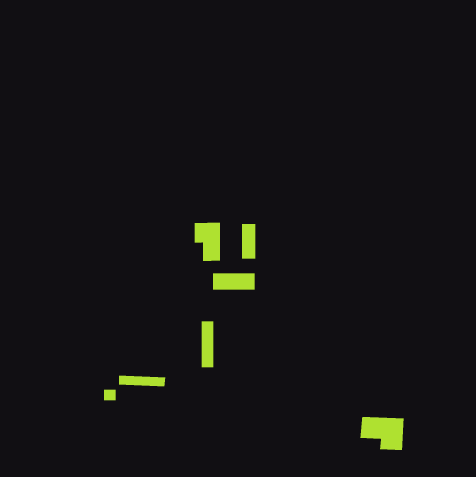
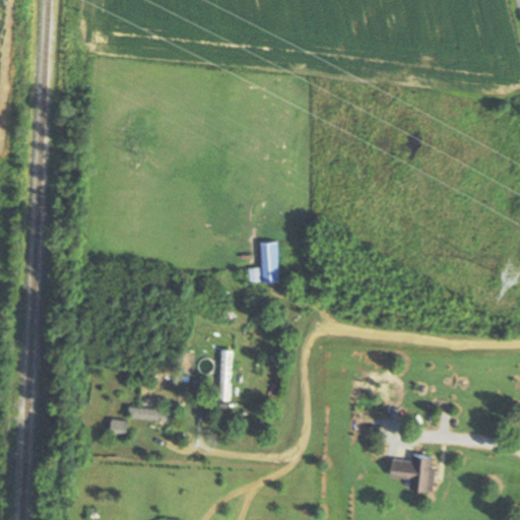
building: [194,222,221,262] -> none
building: [212,273,256,291] -> none

